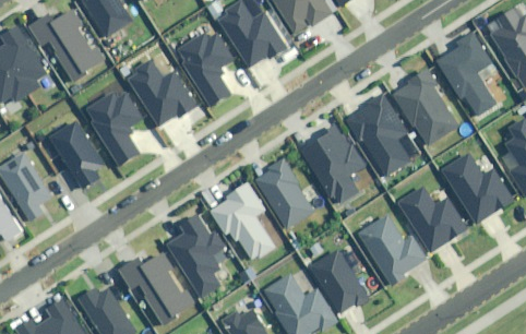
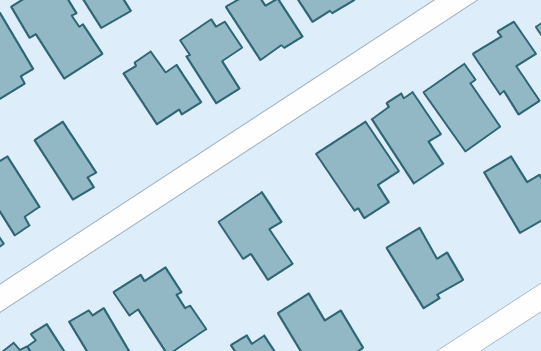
building: [85,92,141,164] -> none
building: [255,157,313,228] -> none
building: [401,176,469,252] -> none
building: [169,215,225,295] -> none
building: [310,249,370,315] -> none

